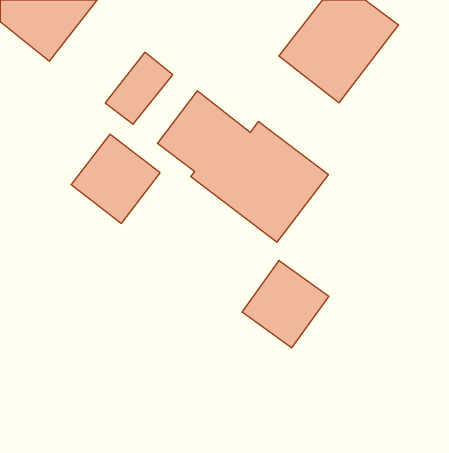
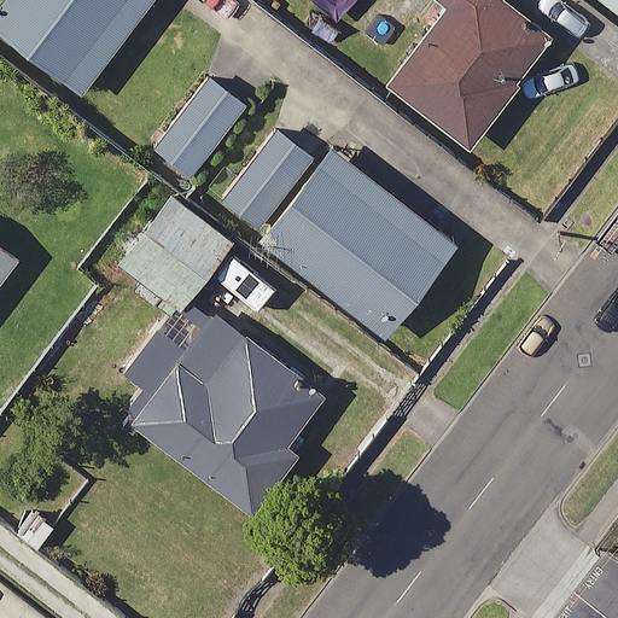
building: none -> [116,303,326,507]
building: [242,260,329,348] -> none

